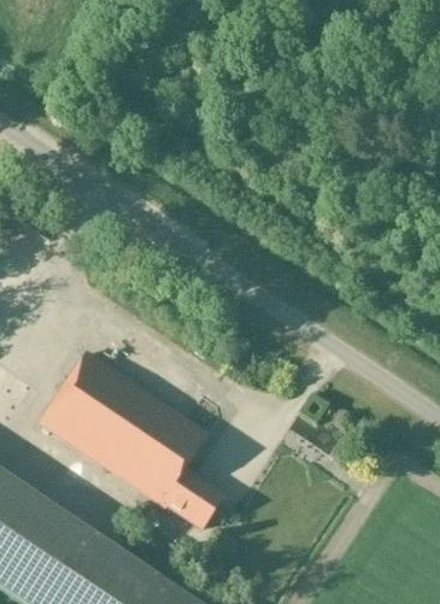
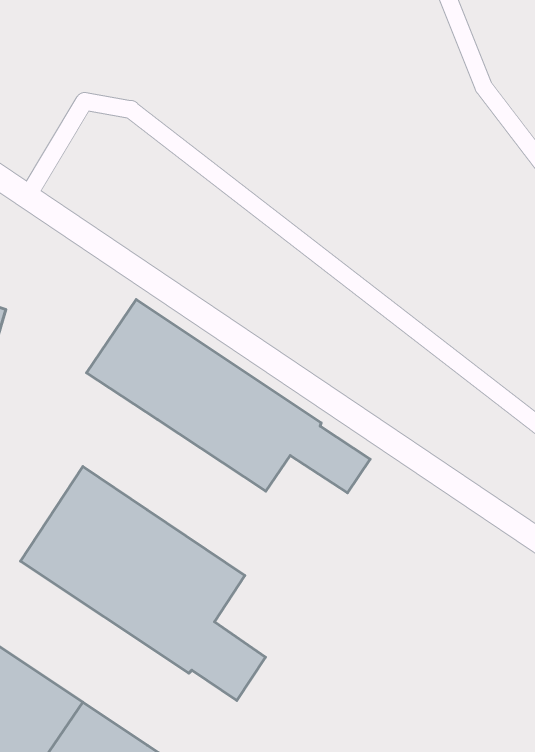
building: none -> [87,299,370,493]

